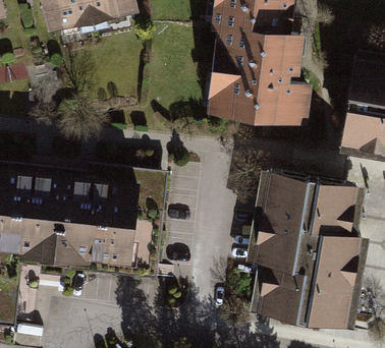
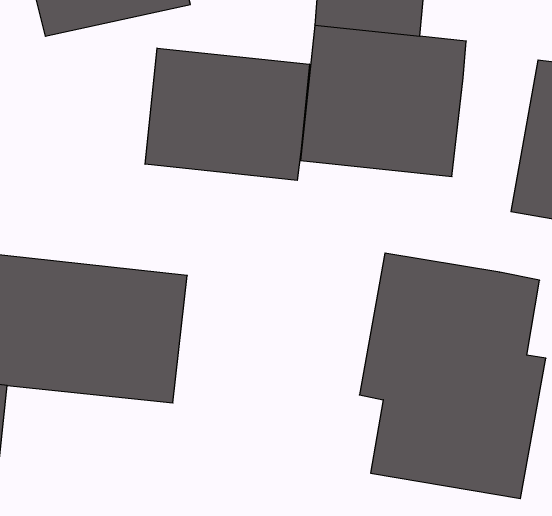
building: none -> [145,48,309,180]

